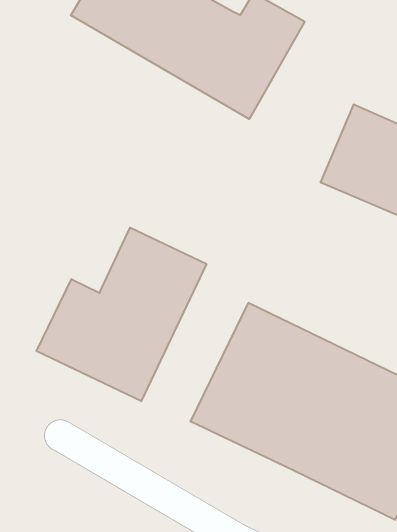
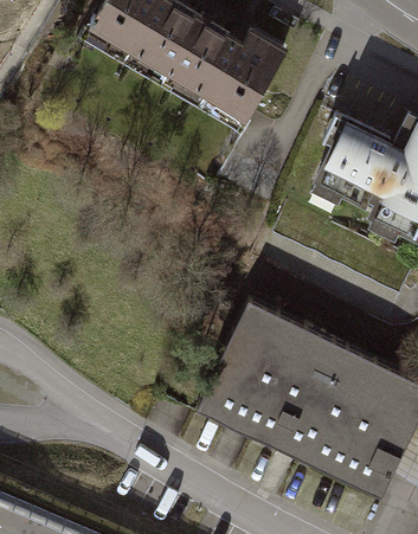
building: [36,228,206,401] -> none

